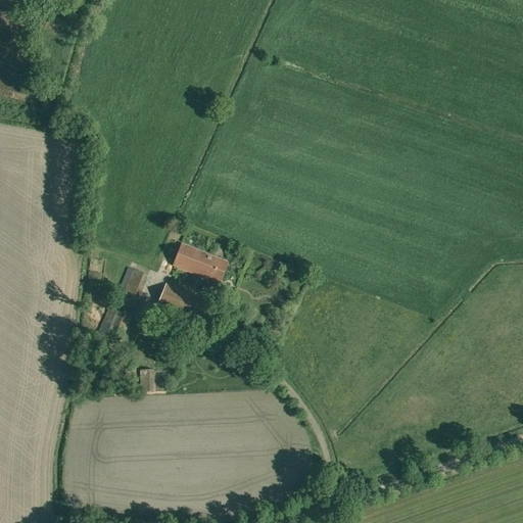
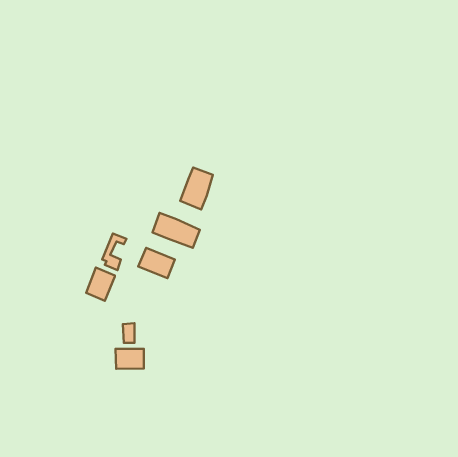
building: none -> [180,167,213,209]
building: none -> [116,349,144,369]

